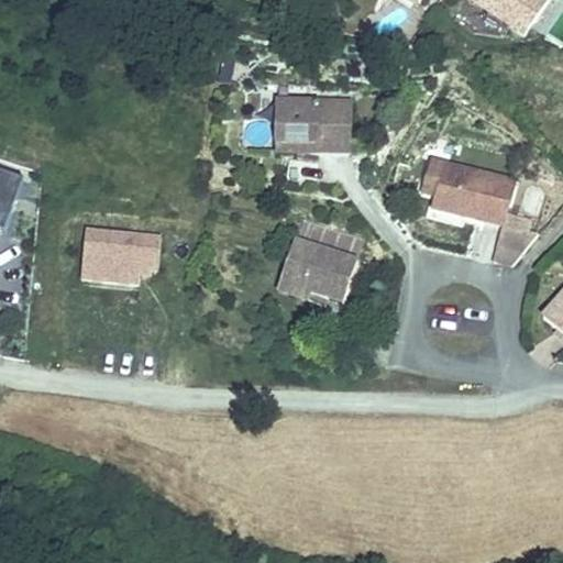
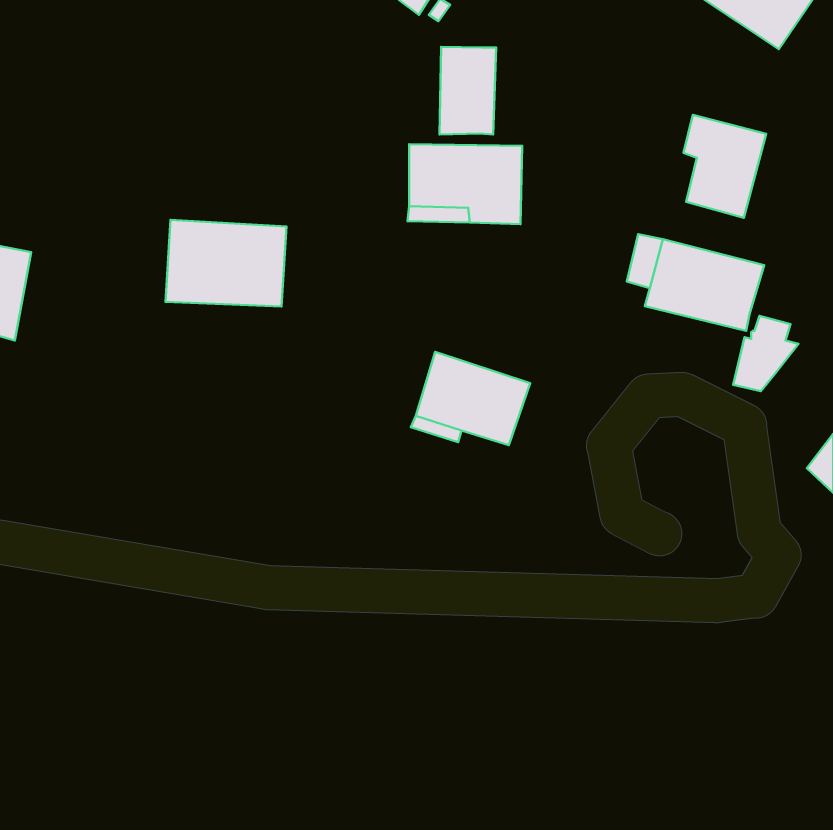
building: none -> [440,47,496,135]
building: none -> [684,115,766,218]
building: [78,225,159,284] -> [165,220,287,307]

